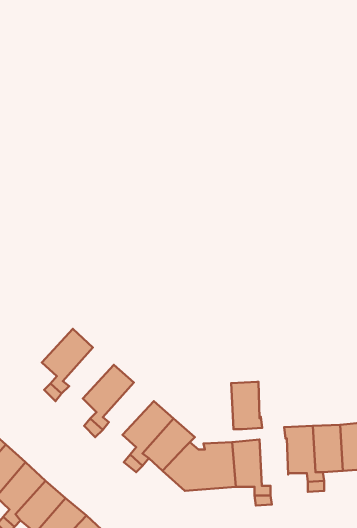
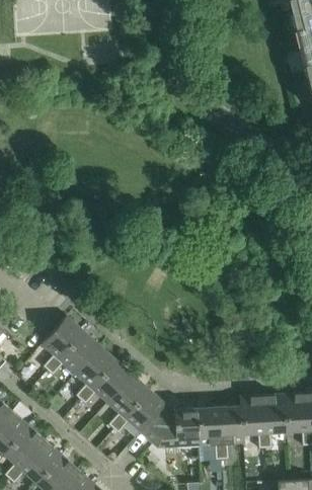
building: none -> [60,332,101,374]
building: [231,382,262,429] -> [220,406,245,444]
building: none -> [92,360,134,403]

